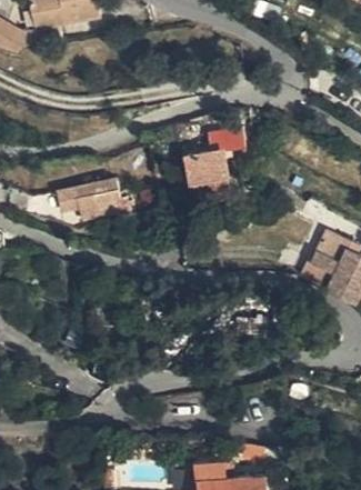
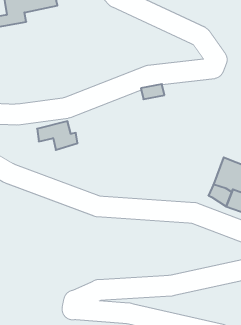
building: [185,146,228,198] -> none

